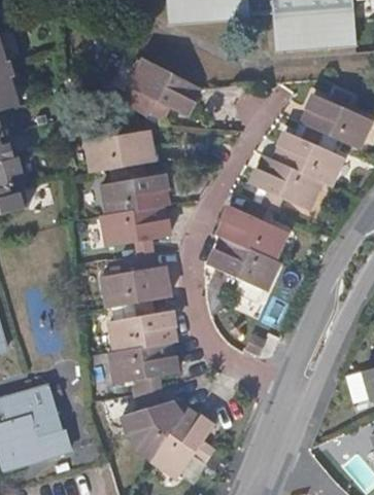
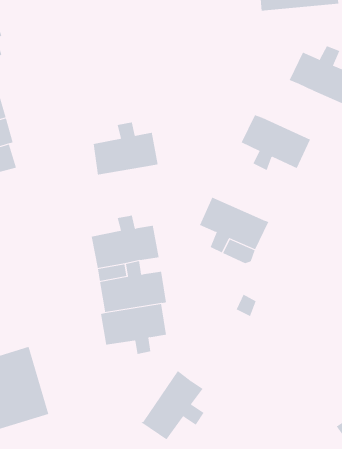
building: [131,59,201,118] -> none
building: [89,119,156,171] -> none
building: [273,126,343,185] -> none
building: [216,200,286,259] -> none
building: [104,206,170,255] -> none
building: [124,389,189,458] -> none

